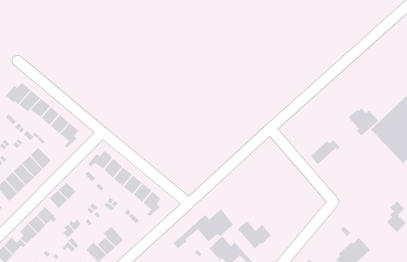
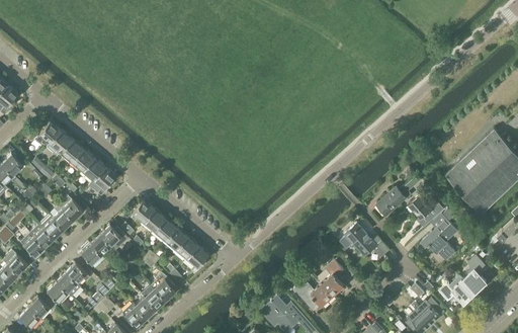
building: [348,108,379,136] -> [408,194,443,227]
building: none -> [420,222,458,261]
building: none -> [339,224,388,256]
building: none -> [100,226,128,251]
building: none -> [317,260,344,296]
building: [172,209,234,249] -> none
building: none -> [151,271,176,301]
building: none -> [438,276,474,304]

